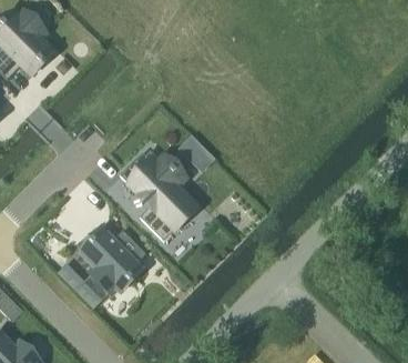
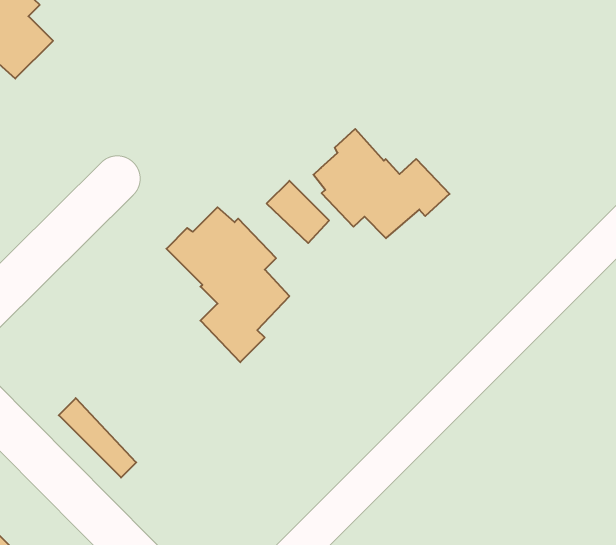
building: none -> [313,129,450,238]
building: [81,230,146,294] -> none

